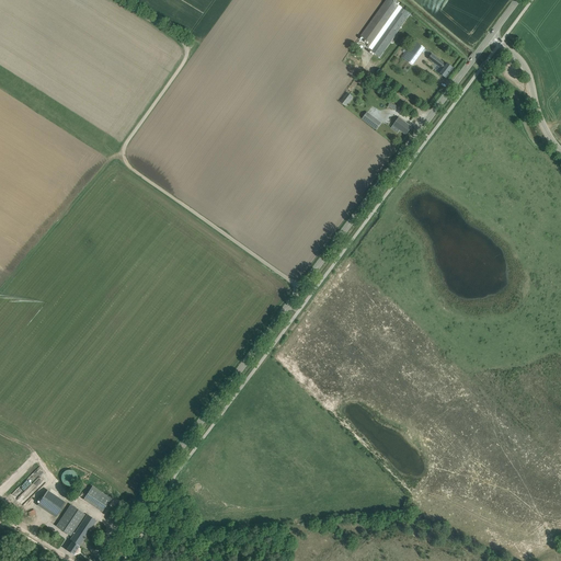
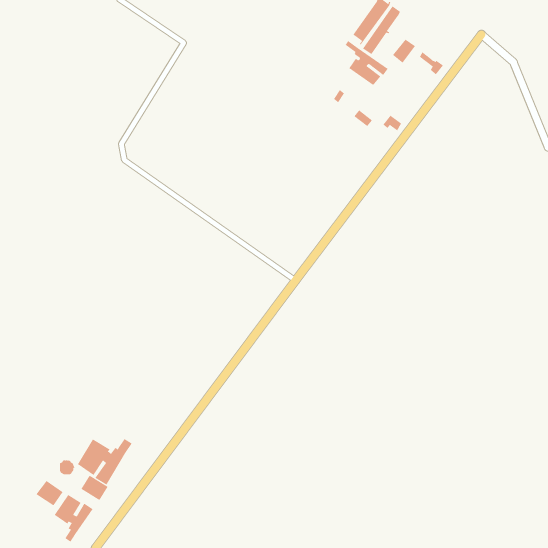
building: none -> [345,40,389,86]
building: none -> [77,438,133,486]

